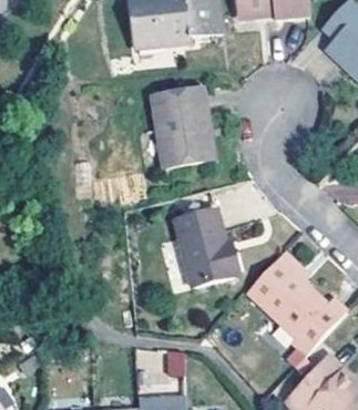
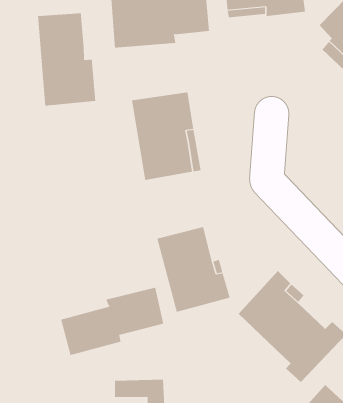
building: none -> [38,13,96,107]
building: none -> [60,287,164,356]

